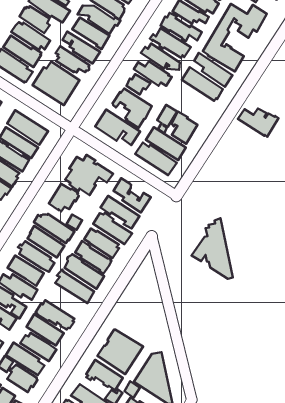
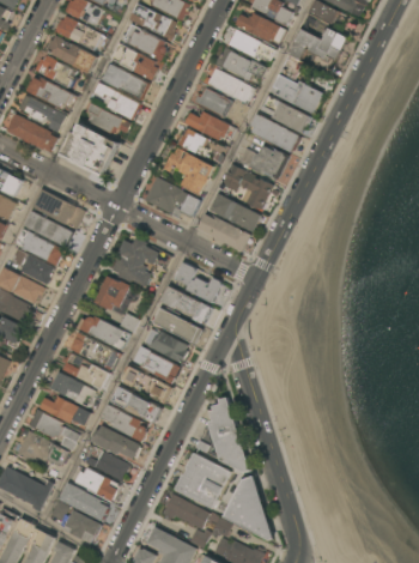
building: [238,109,279,137] -> [237,145,289,180]
building: [191,218,233,279] -> [194,396,249,472]
building: none -> [101,404,146,441]

